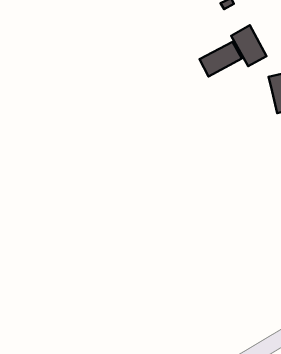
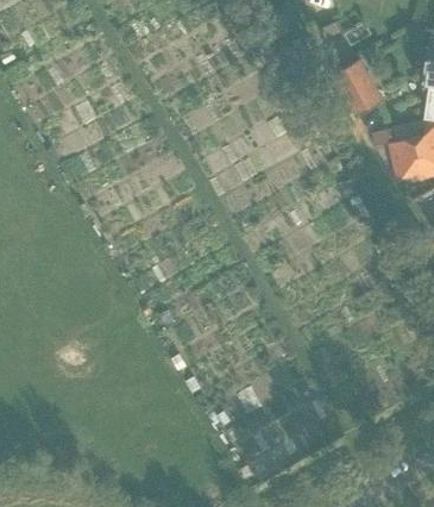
building: [200,42,242,77] -> none

